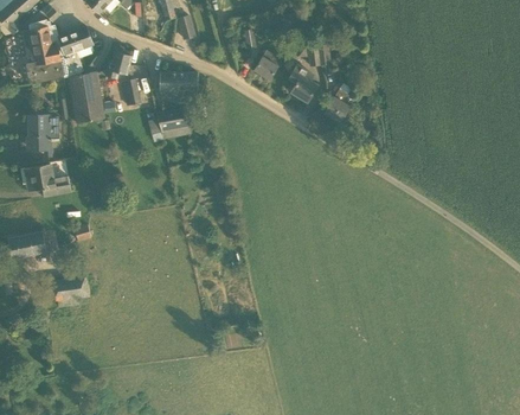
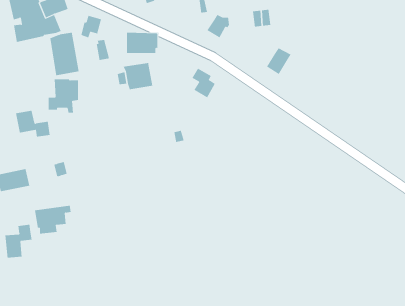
building: [288,65,316,101] -> [191,68,216,98]
building: [20,115,57,155] -> [48,79,79,113]
building: none -> [5,224,32,259]

